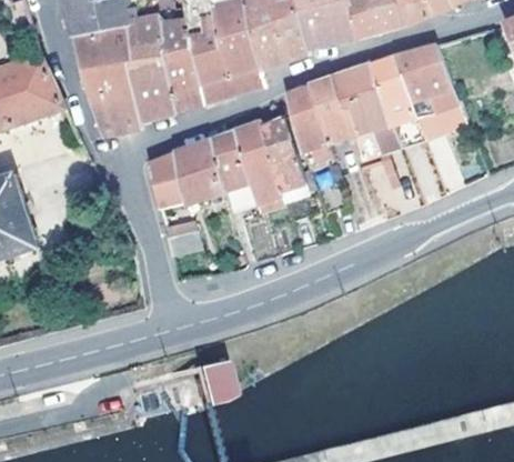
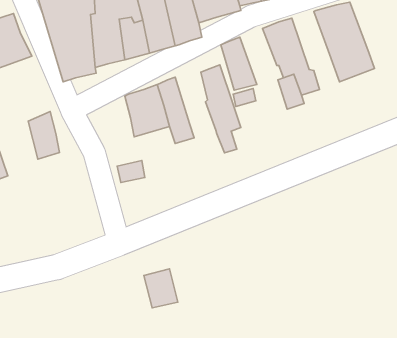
building: [369,54,424,145] -> none
building: [308,74,359,140] -> none
building: [232,120,280,202] -> none
building: [148,153,184,209] -> [28,112,60,159]

